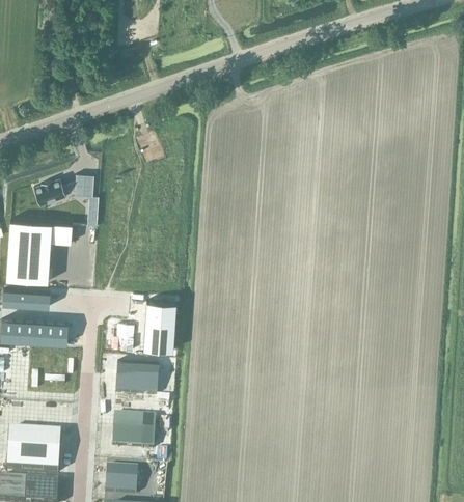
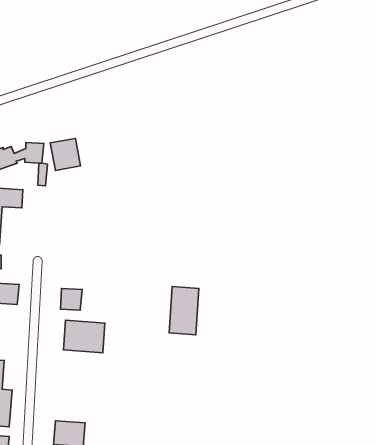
building: none -> [50,138,81,170]
building: [144,300,175,351] -> [169,287,199,335]
building: [112,414,156,447] -> none

